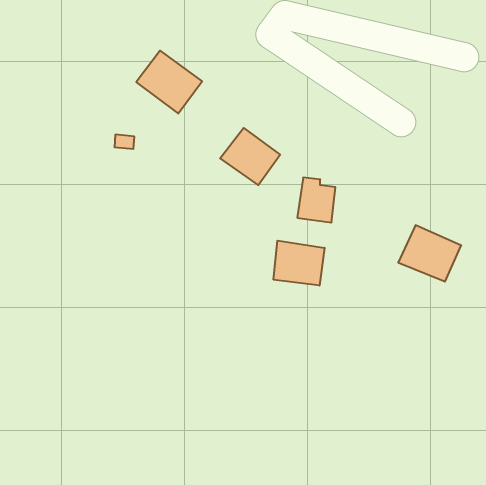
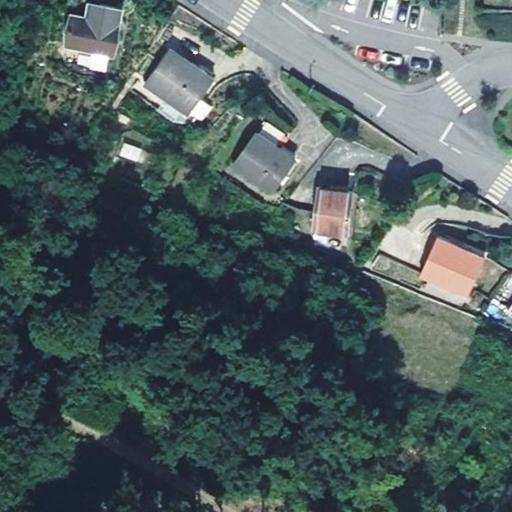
building: none -> [66,4,122,58]
building: [274,241,325,286] -> none

